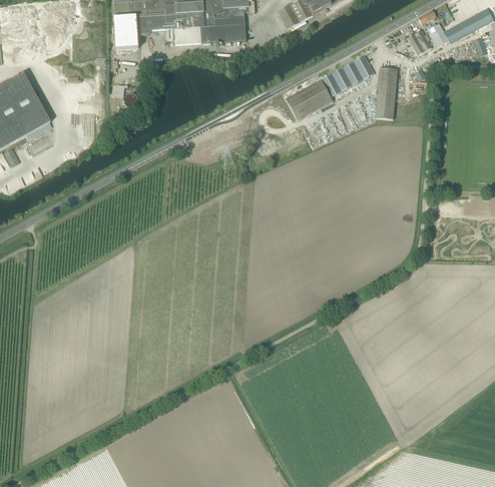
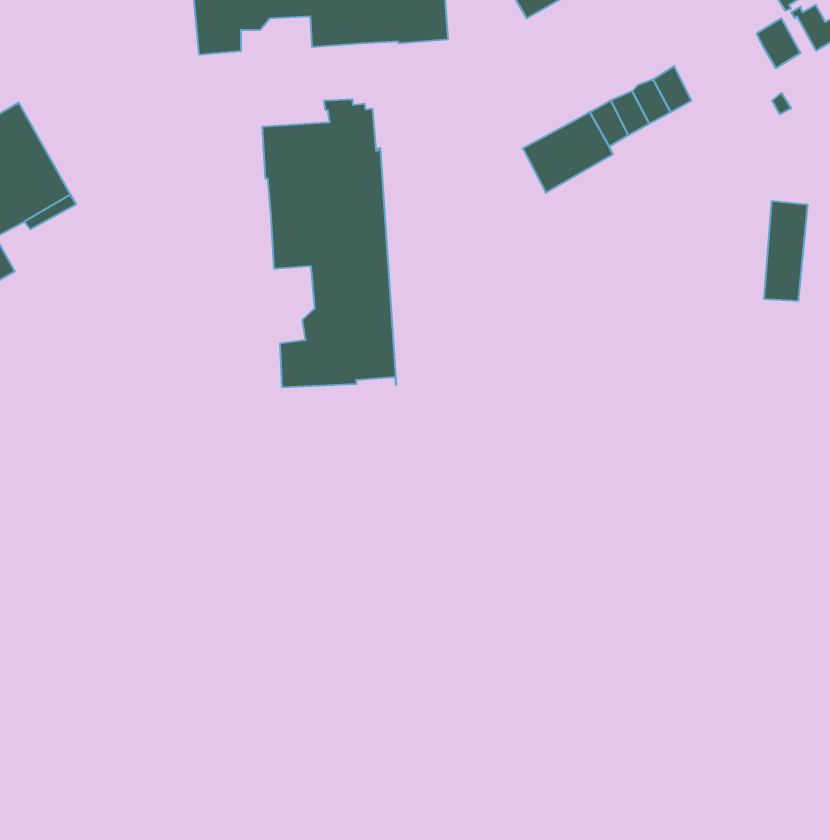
building: [375,66,398,118] -> [764,201,808,301]
building: none -> [263,99,396,387]

